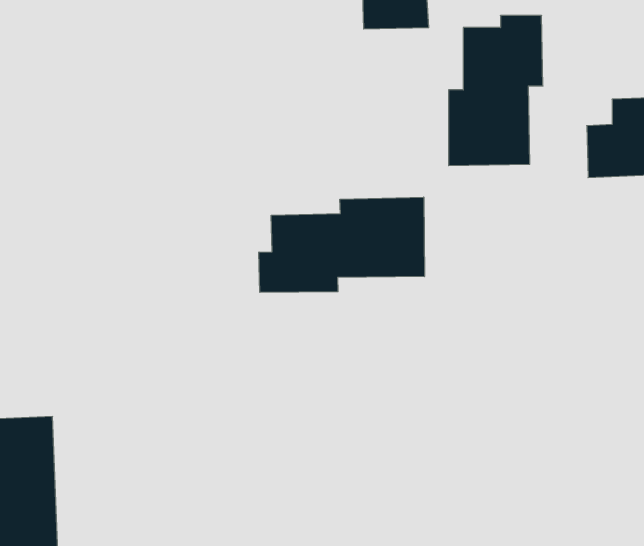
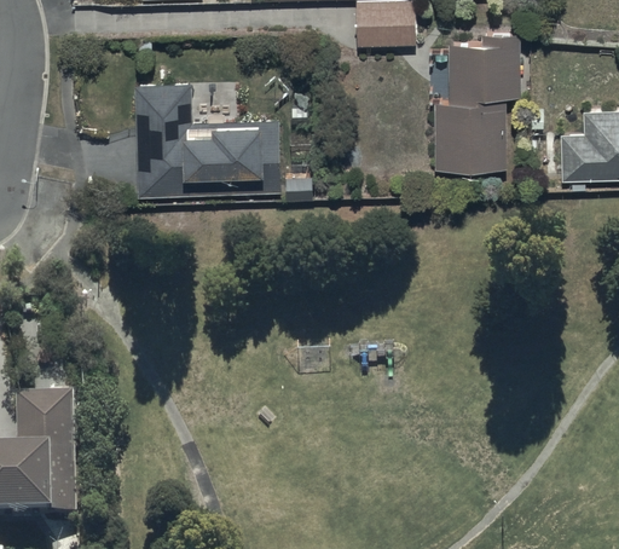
building: none -> [135,86,280,196]
building: [259,197,424,292] -> none

